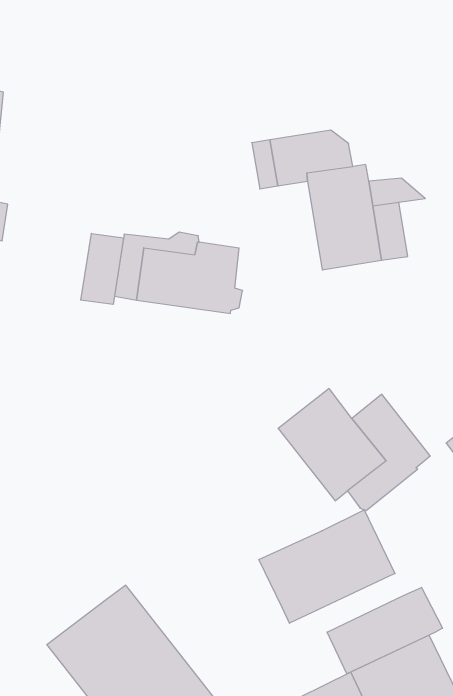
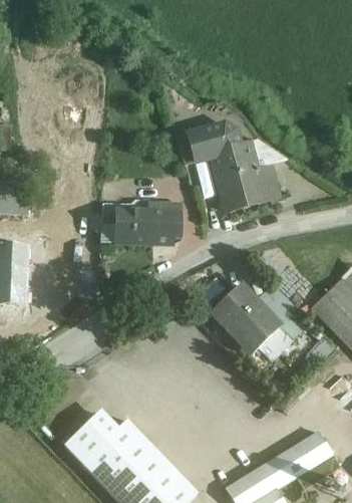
building: [81,233,124,304] -> none
building: [259,510,395,623] -> none
building: none -> [65,413,115,462]
building: [327,587,443,674] -> none

